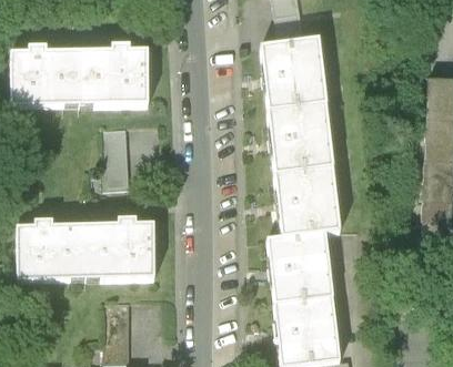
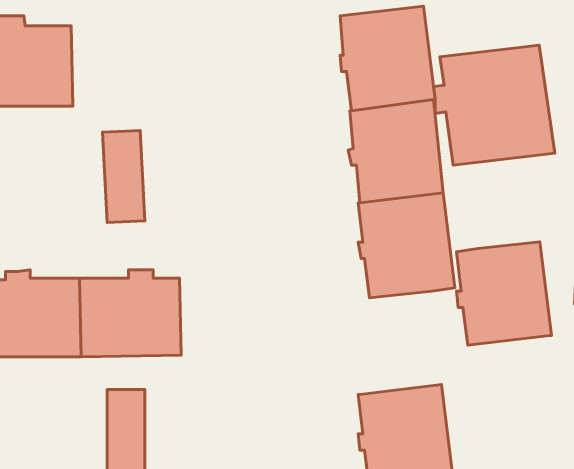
building: [81,45,152,109] -> none
building: none -> [433,45,555,165]
building: [269,234,333,304] -> [456,242,551,345]

